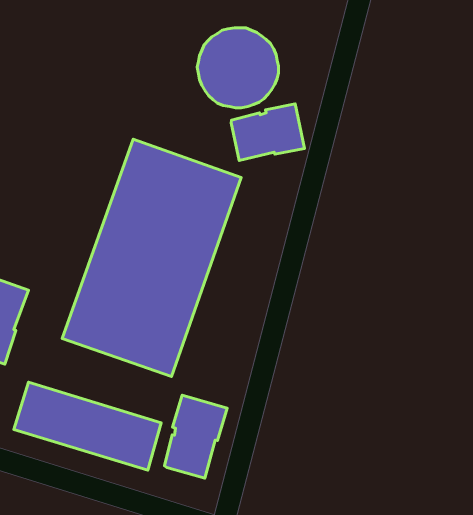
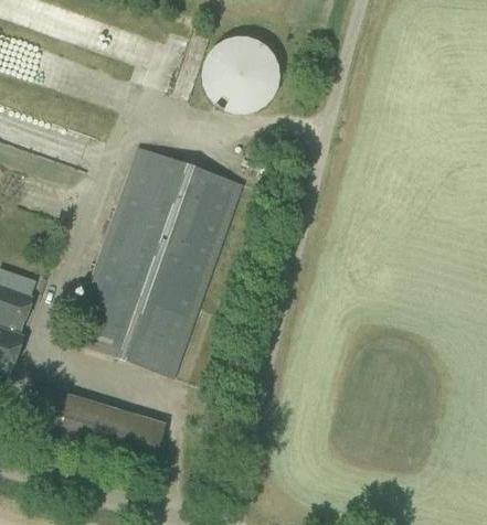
building: [231,104,304,160] -> none
building: [165,395,227,478] -> none

